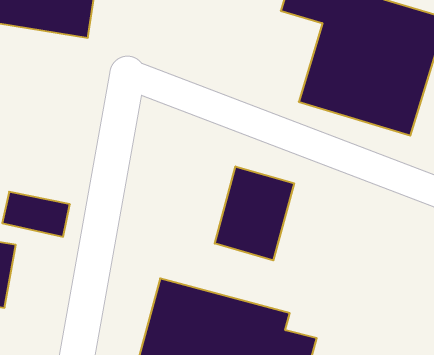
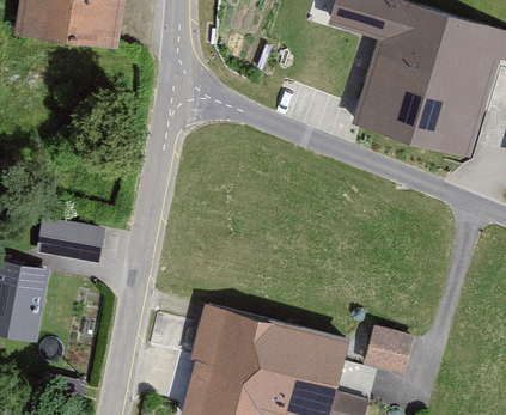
building: [215,166,294,260] -> none
building: none -> [361,328,409,372]

